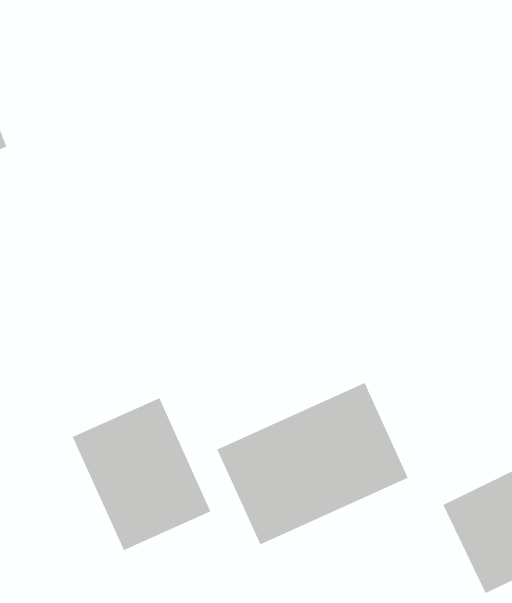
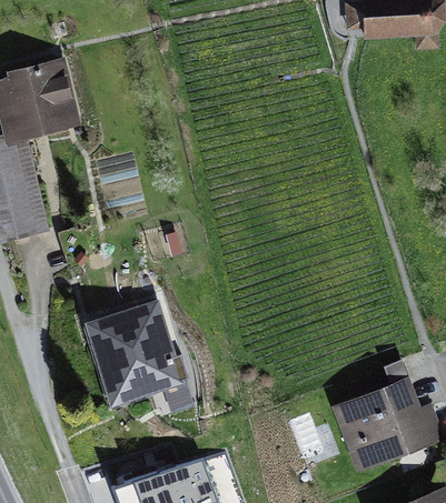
building: [217,382,408,545] -> none

